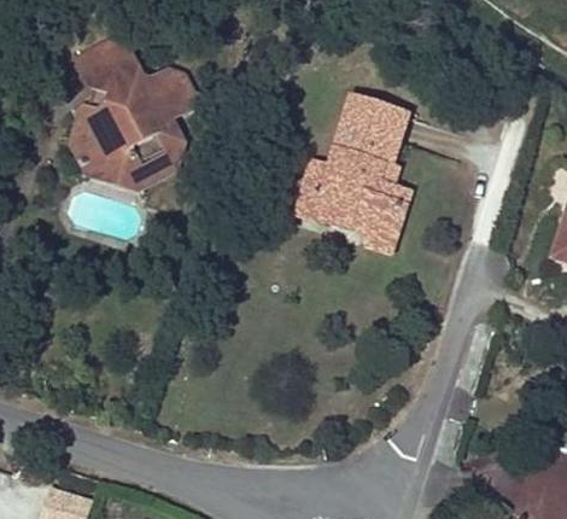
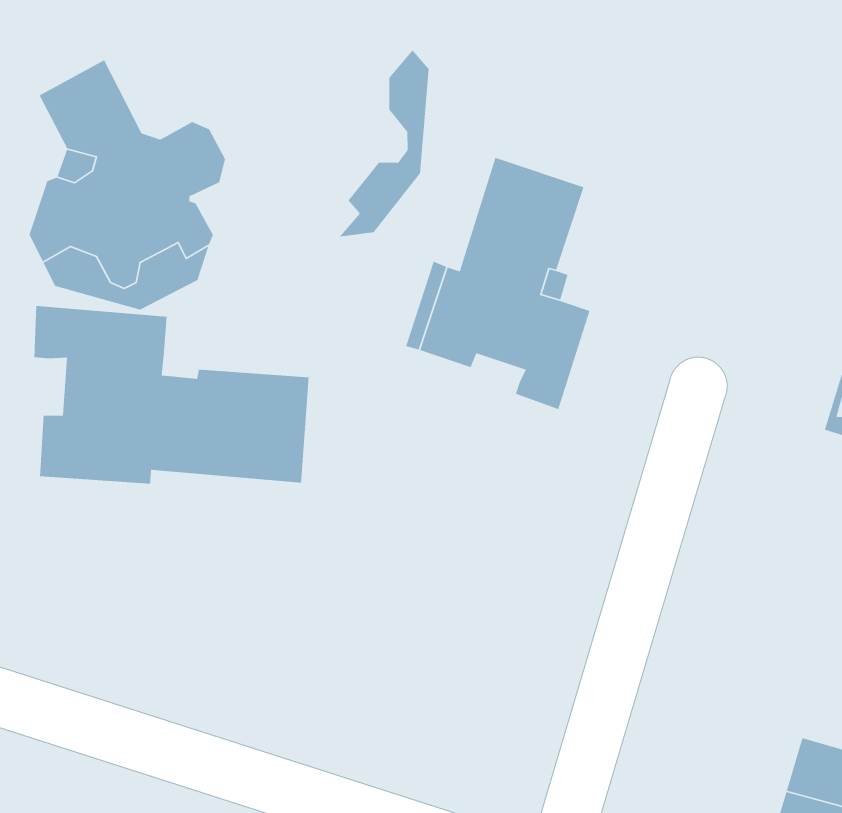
building: none -> [338,49,429,238]
building: none -> [33,305,309,485]

